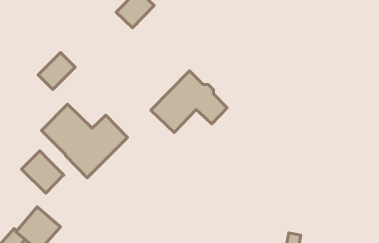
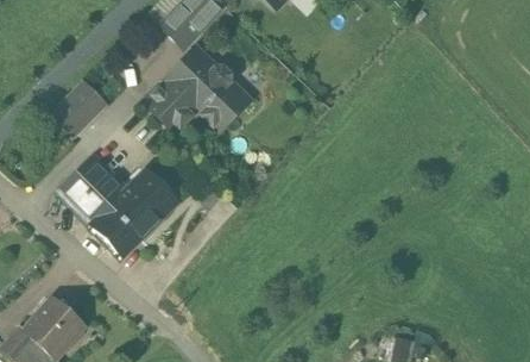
building: [151,71,227,133] -> [144,49,250,135]
building: [22,151,64,193] -> none

